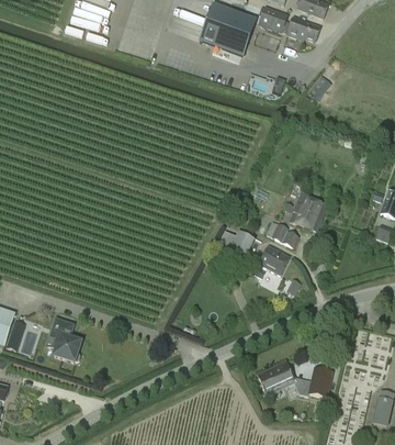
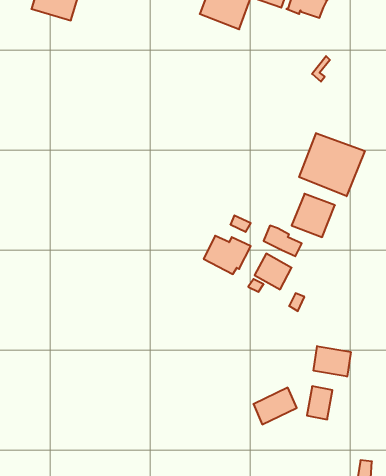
building: none -> [299,133,365,196]
building: [47,319,80,360] -> none
building: none -> [314,346,351,377]

